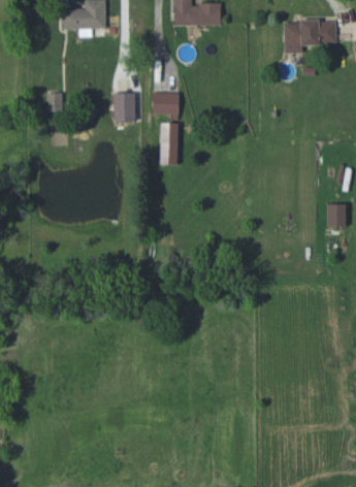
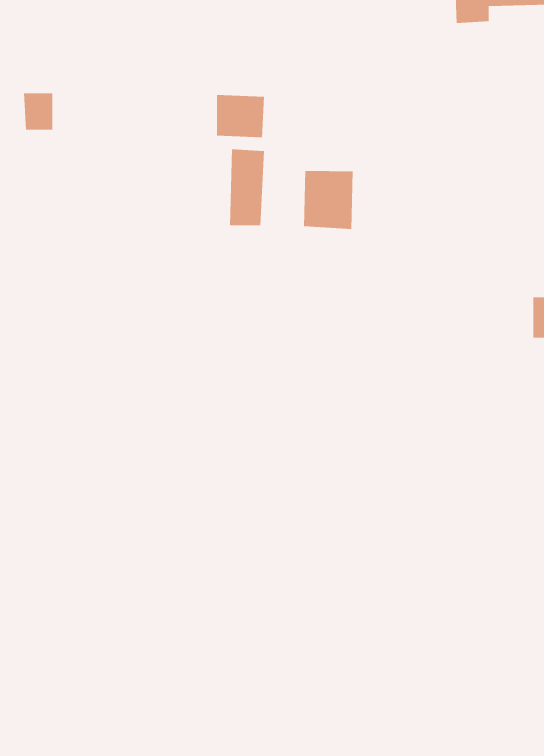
building: [112,92,134,121] -> none
building: none -> [303,170,353,230]

